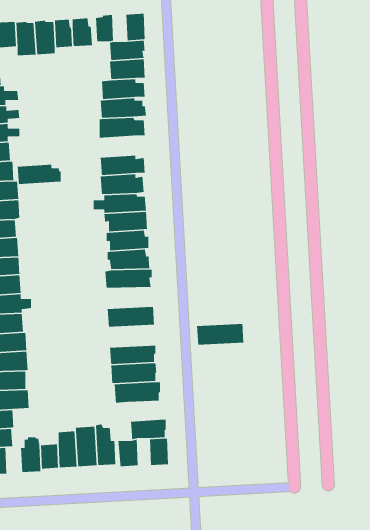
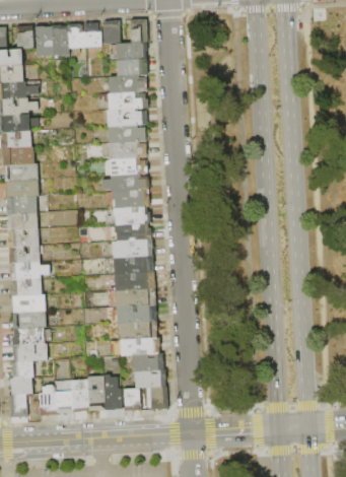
building: [17,164,61,185] -> [107,125,145,143]
building: none -> [113,255,154,274]
building: [196,323,244,345] -> [115,288,156,308]
building: none -> [132,354,163,371]

